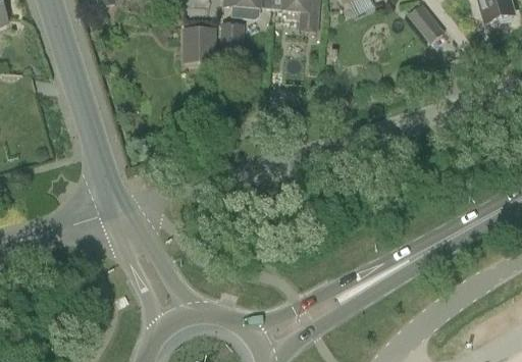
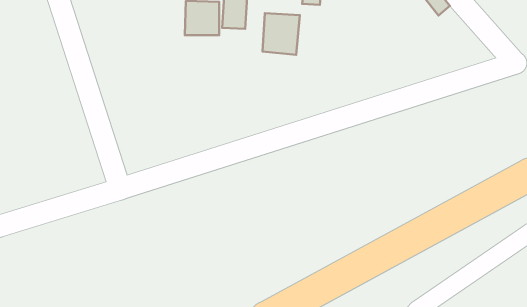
building: none -> [262,13,300,55]

